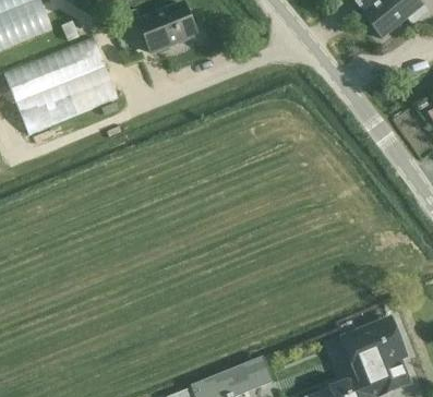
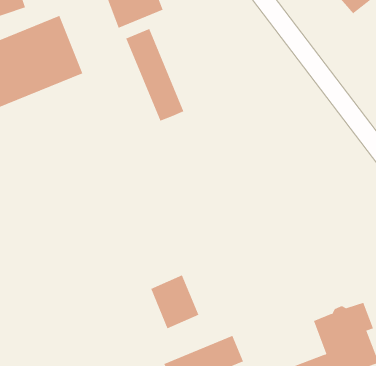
building: none -> [126,28,184,122]
building: none -> [150,275,199,329]

